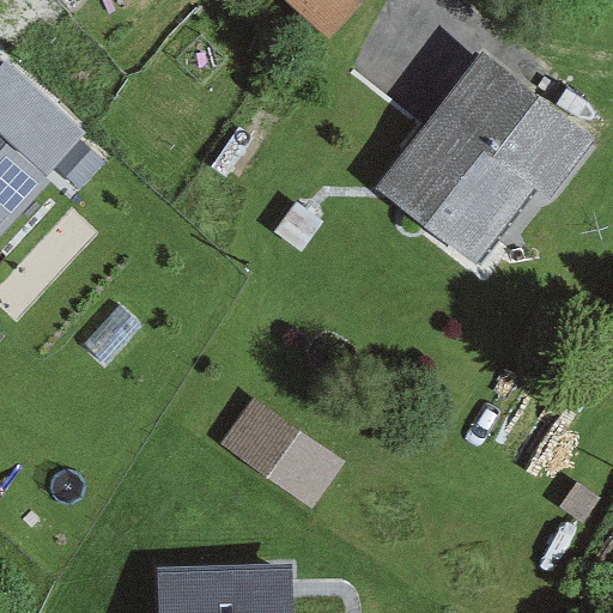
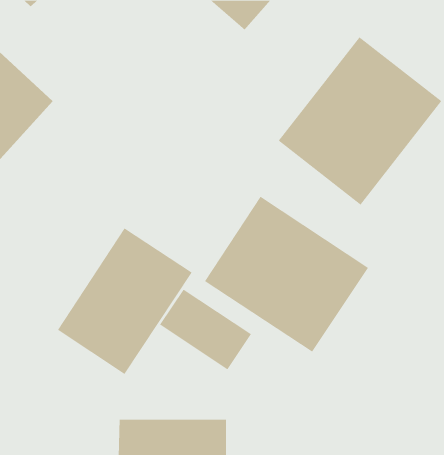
building: none -> [204,196,369,353]
building: none -> [57,228,193,375]

